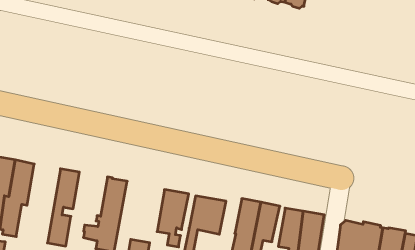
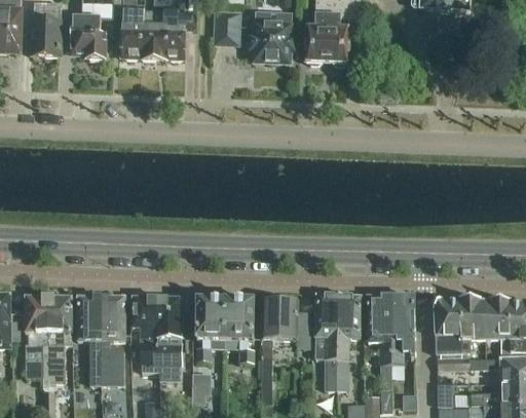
building: none -> [78,296,103,383]
building: none -> [133,296,158,355]
building: none -> [197,299,226,360]

